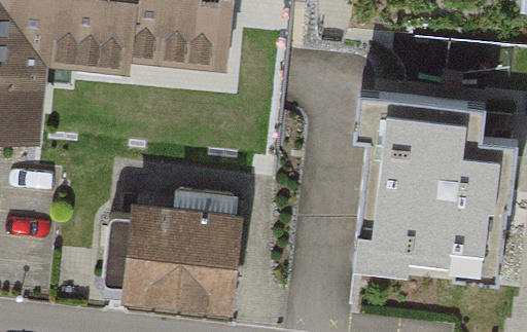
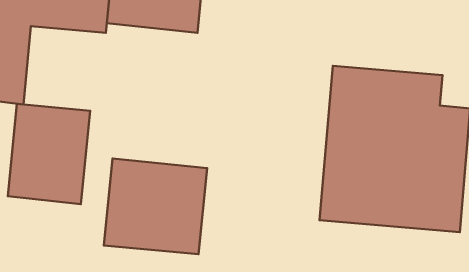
building: none -> [8,104,90,204]

